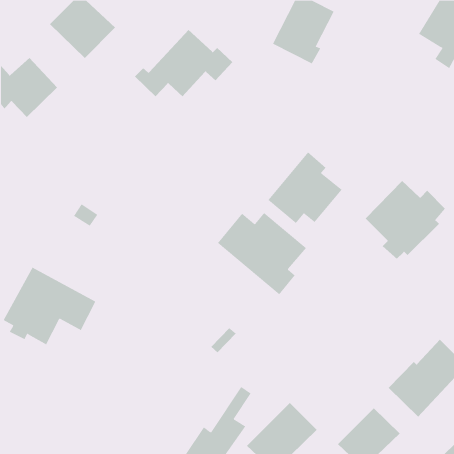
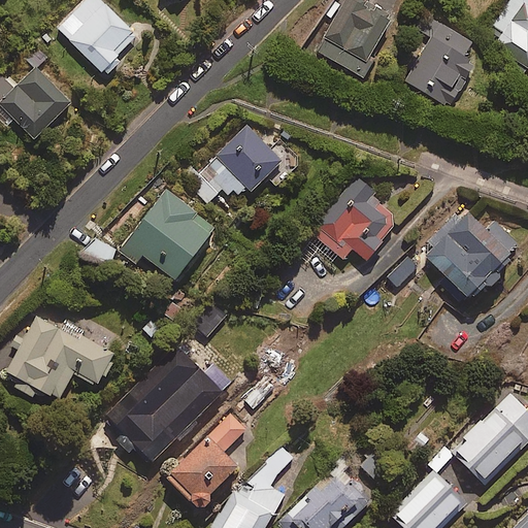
building: none -> [405,16,474,106]
building: [134,29,233,97] -> [184,126,298,204]
building: none -> [119,189,213,278]
building: [217,212,307,295] -> none
building: none -> [106,350,232,464]
building: none -> [165,414,246,505]

